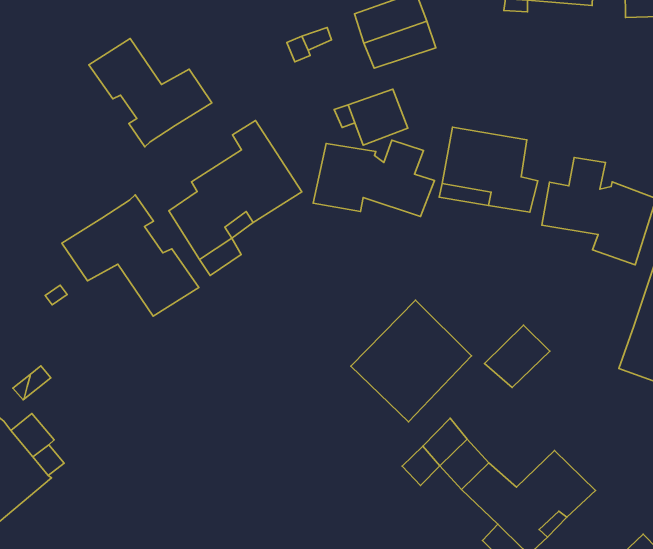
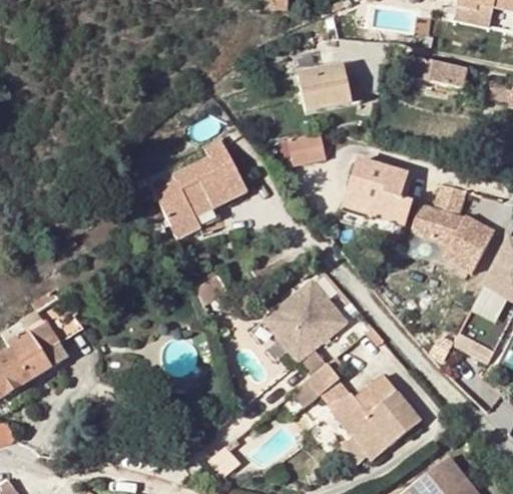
building: [89,39,212,147] -> none
building: [313,140,435,217] -> none
building: [62,195,199,316] -> none
building: [484,325,550,388] -> [354,372,400,414]

